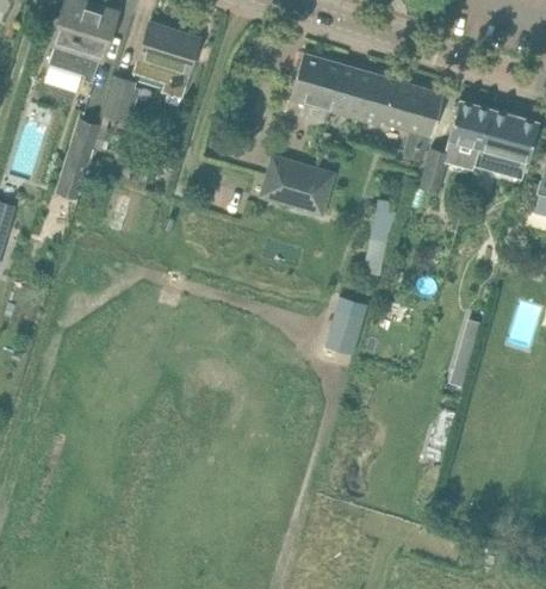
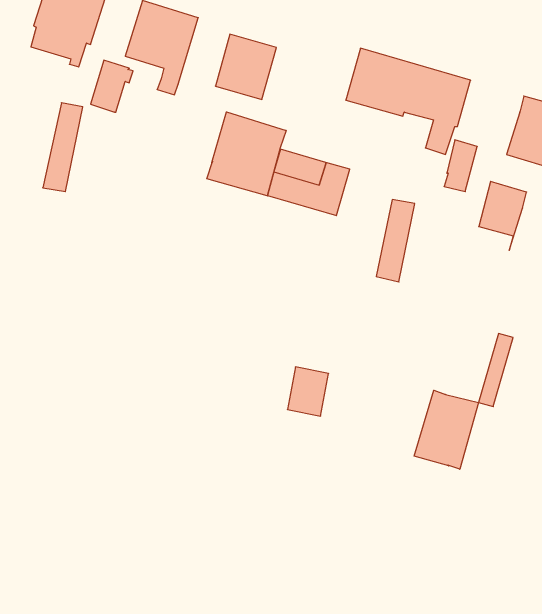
building: [291,54,346,112] -> [215,34,276,99]
building: [449,99,492,161] -> [479,181,527,250]
building: none -> [207,112,286,196]
building: [323,309,360,353] -> [287,367,329,416]
building: none -> [414,390,479,469]

